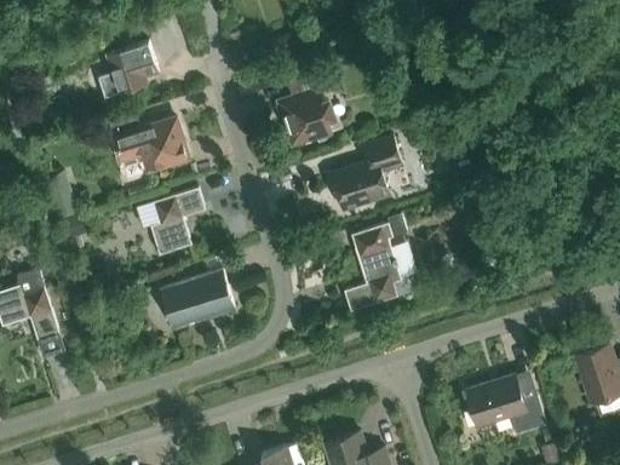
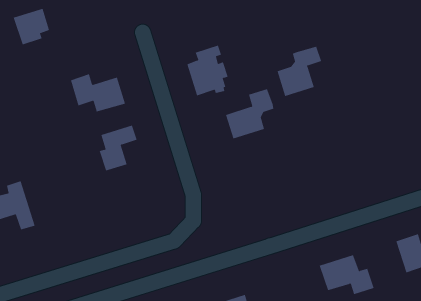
building: [105,41,159,94] -> [13,8,50,45]
building: none -> [277,46,322,97]
building: [344,212,412,311] -> none
building: [165,269,235,327] -> none

